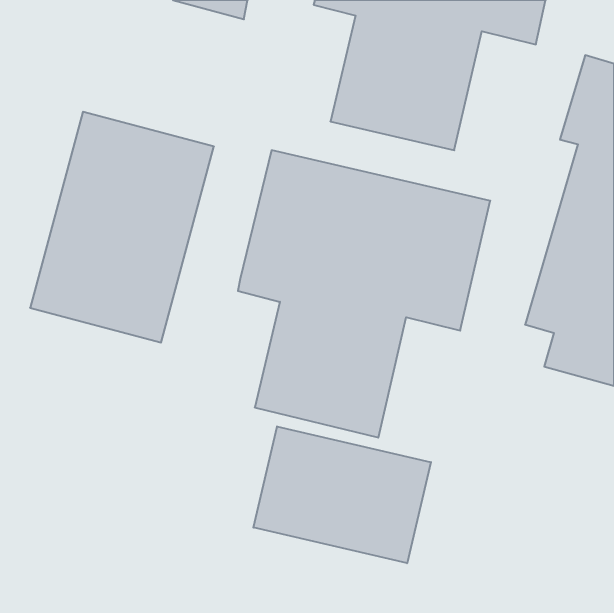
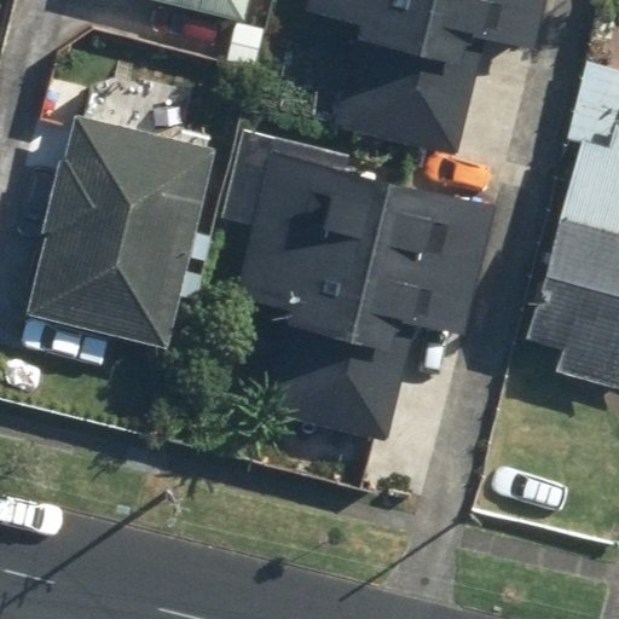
building: [253,426,431,563] -> none

